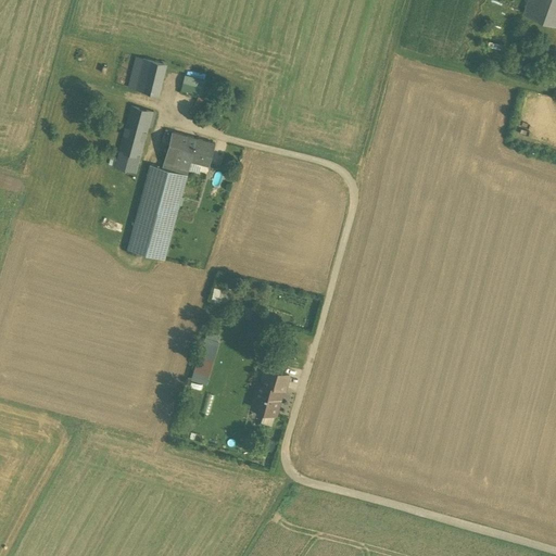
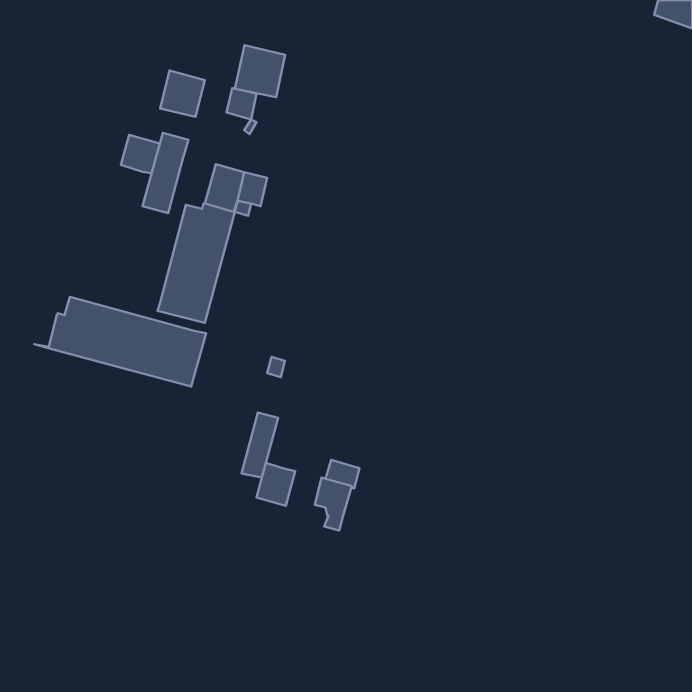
building: none -> [235,45,285,97]
building: none -> [121,135,160,173]
building: none -> [34,297,206,386]
building: none -> [256,463,295,506]

